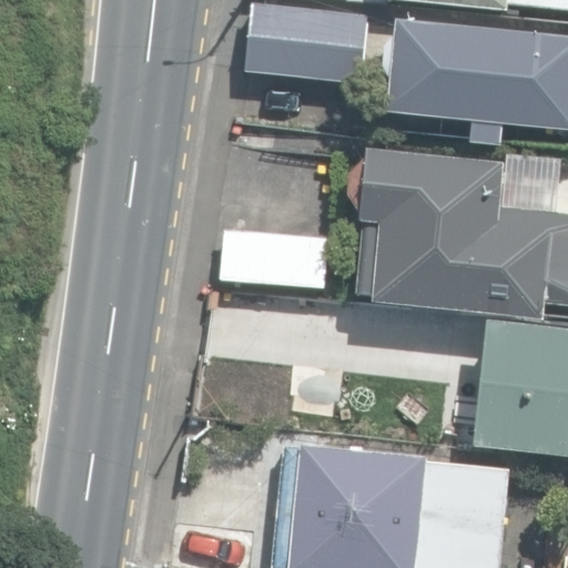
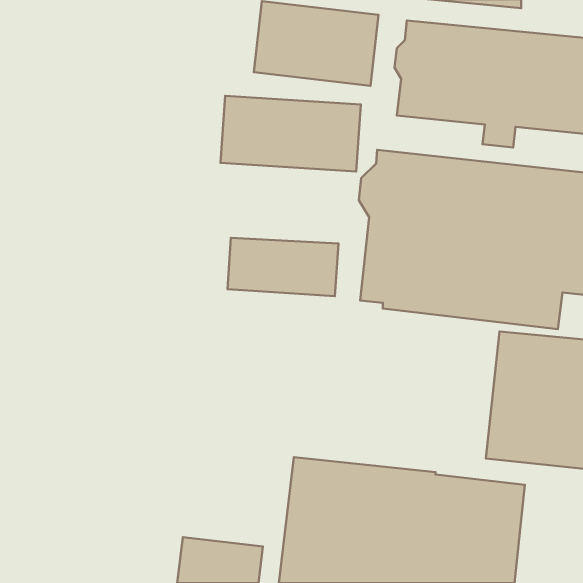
building: none -> [220,96,361,171]

